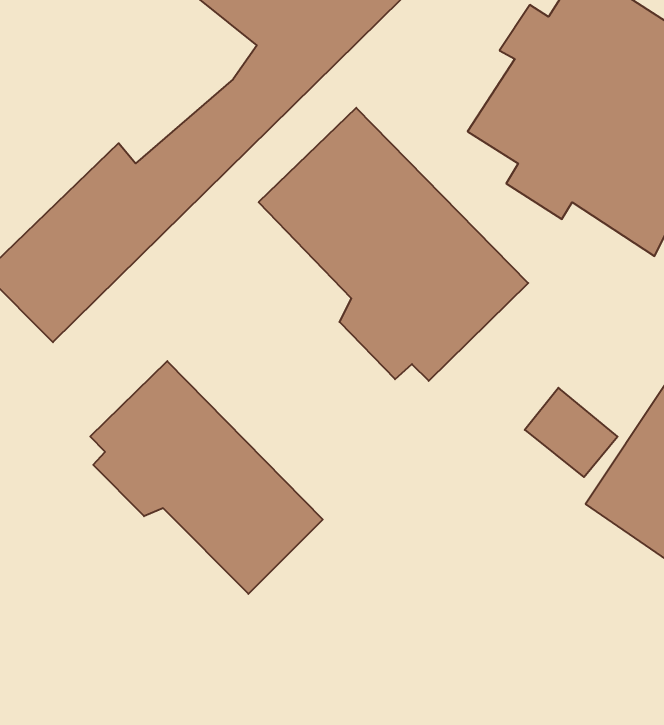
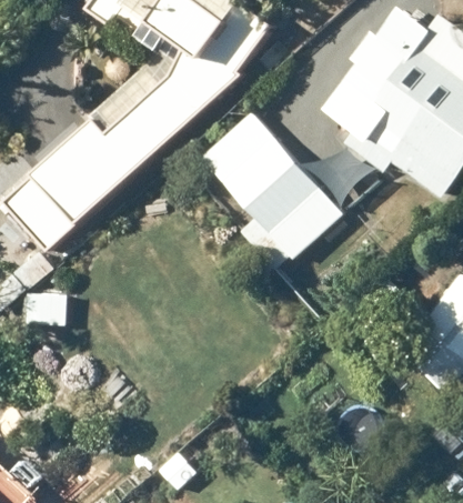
building: [90,361,323,594] -> none

